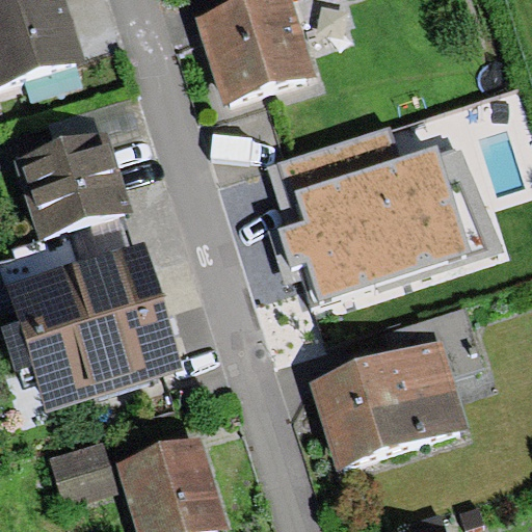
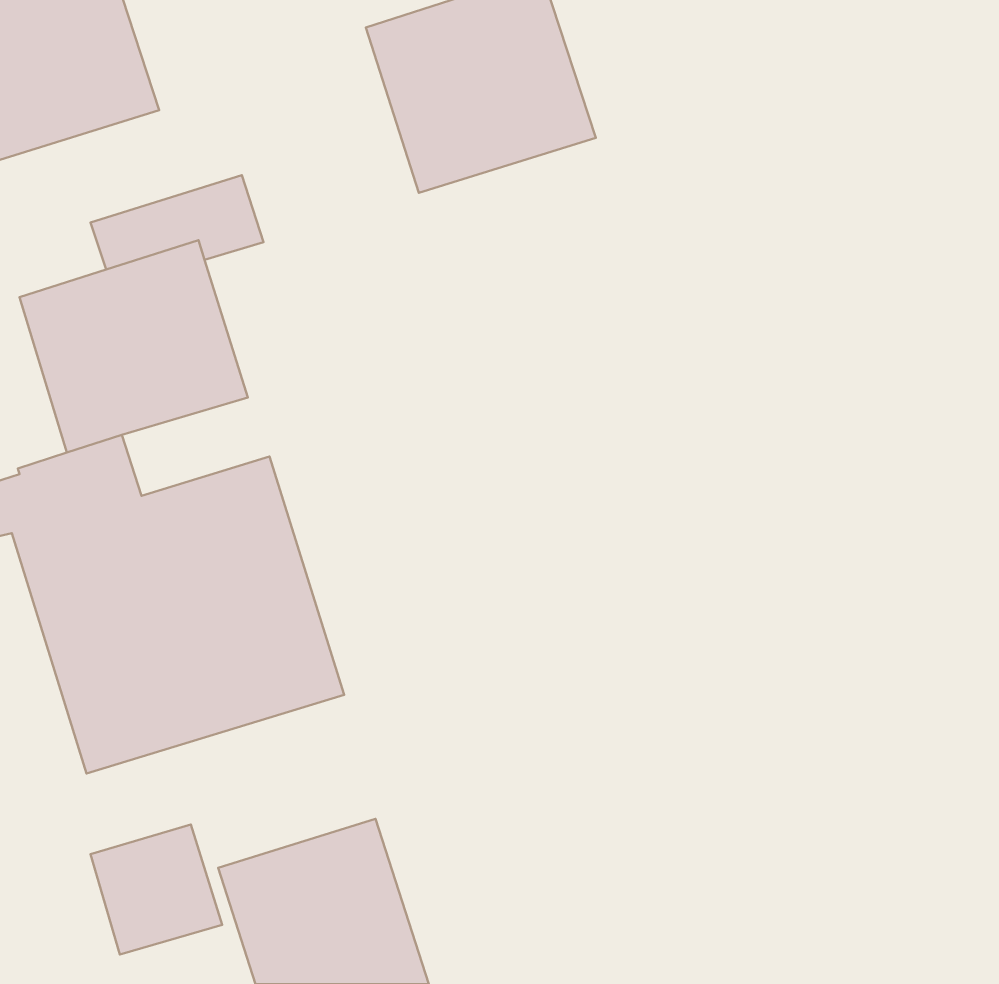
building: [270,152,468,302] -> none
building: [305,302,481,469] -> none

